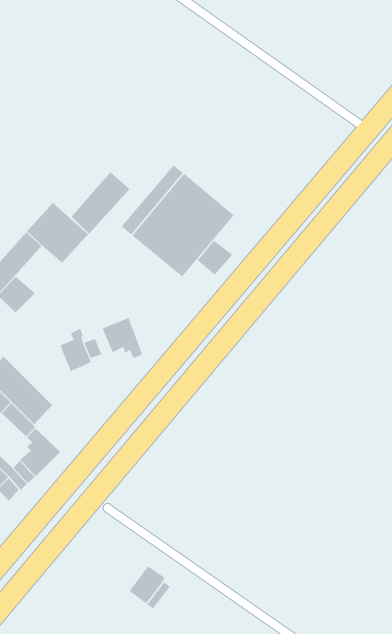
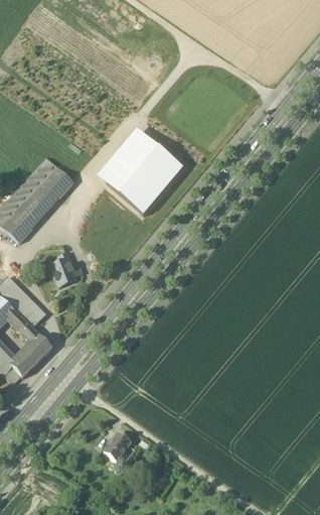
building: [71,172,130,234] -> none
building: [197,240,233,275] -> none
building: none -> [18,191,53,227]
building: [102,317,143,359] -> none

